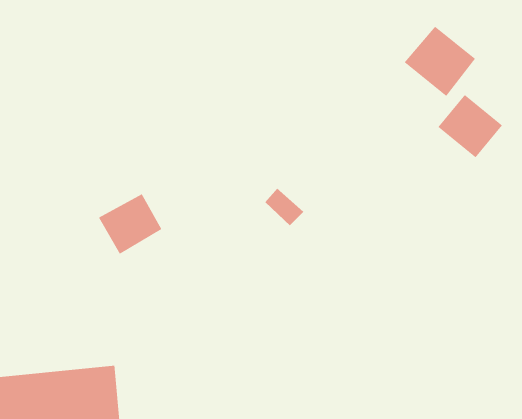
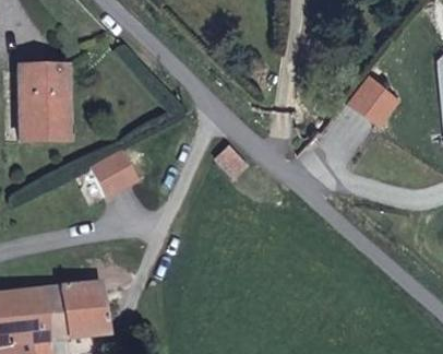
building: [404,26,476,97] -> none
building: none -> [19,67,69,140]

